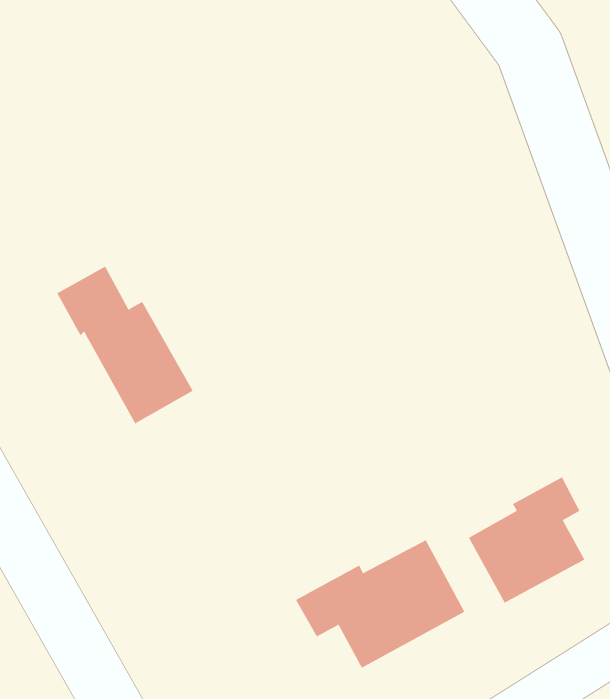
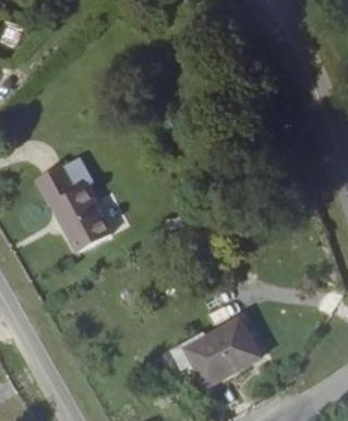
building: [468,476,585,604] -> none

